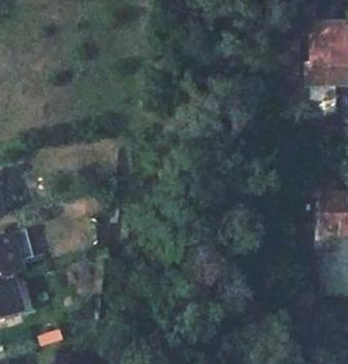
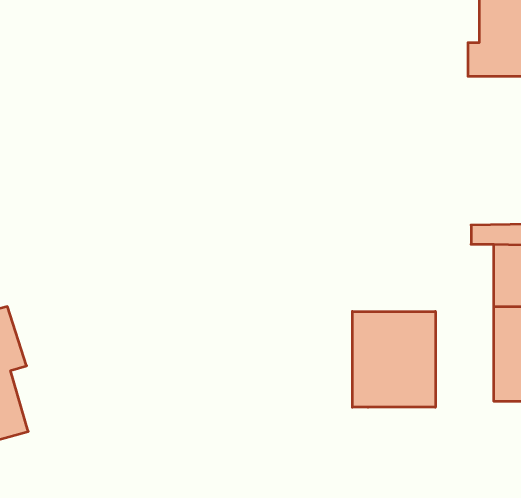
building: none -> [352,311,435,407]

